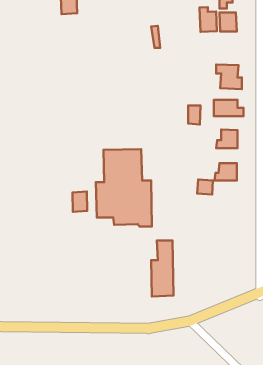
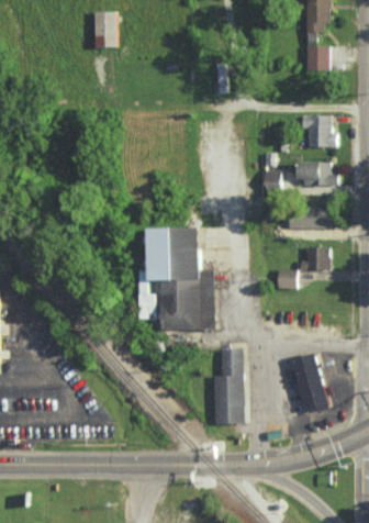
building: [200,7,217,32] -> none
building: [73,191,87,212] -> none
building: none -> [293,354,331,412]

